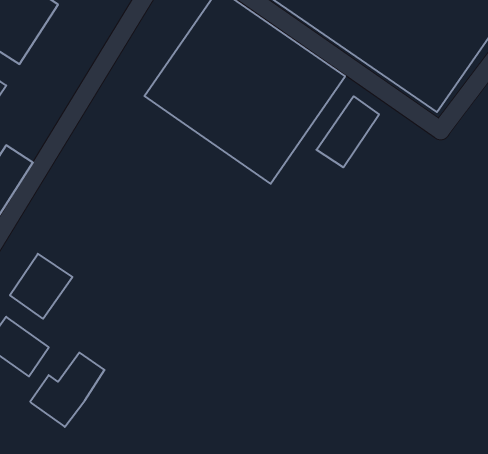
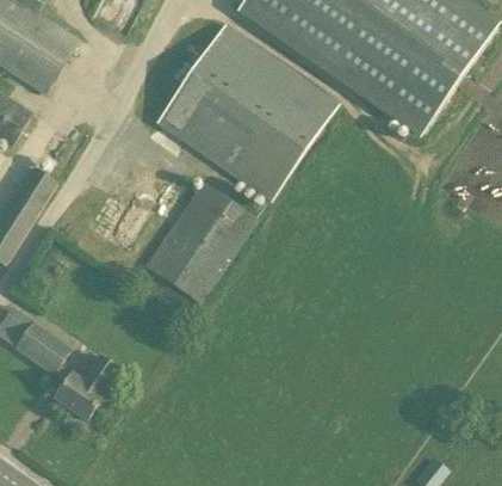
building: [316,96,379,167] -> none
building: none -> [143,179,256,302]
building: [10,254,72,319] -> none

